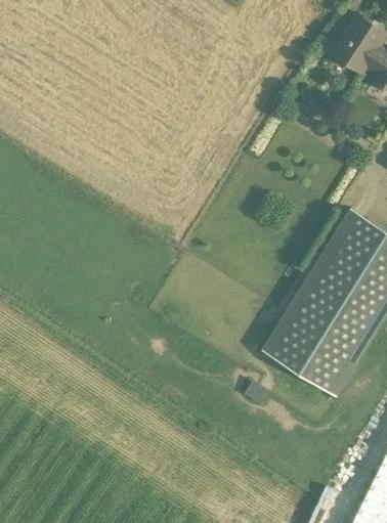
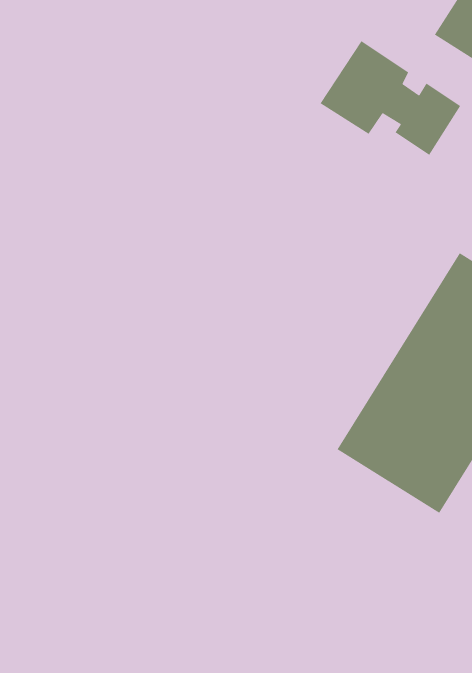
building: none -> [319,40,461,156]

